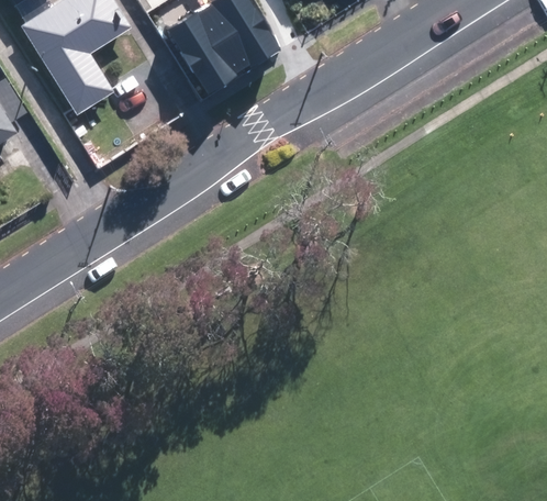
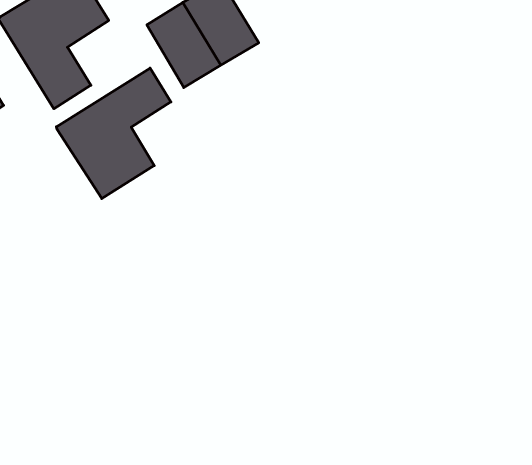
building: none -> [56,68,171,199]

